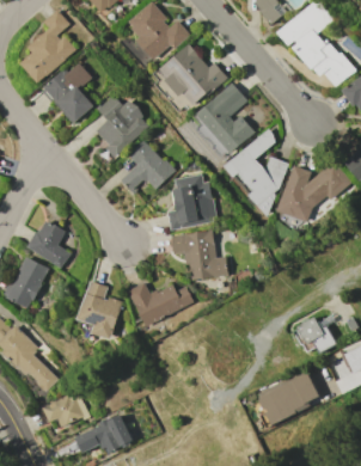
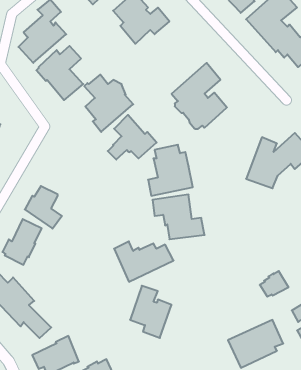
building: [153,43,228,111] -> none
building: [226,129,289,216] -> none
building: [78,281,124,339] -> [130,286,172,338]

